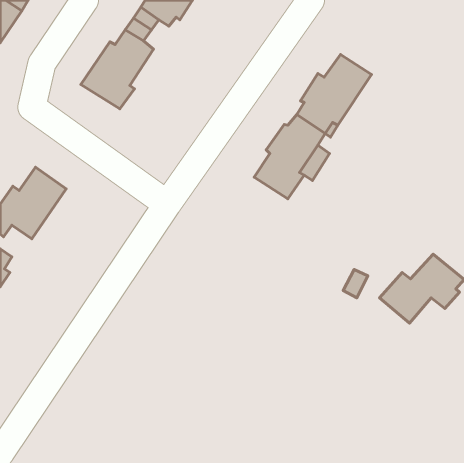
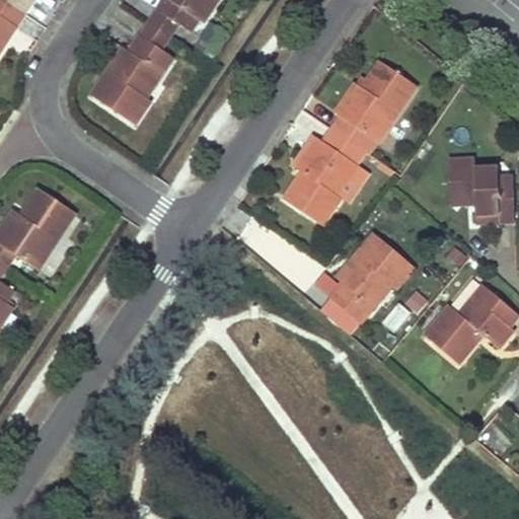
building: none -> [447,157,512,221]
building: none -> [329,233,413,320]

